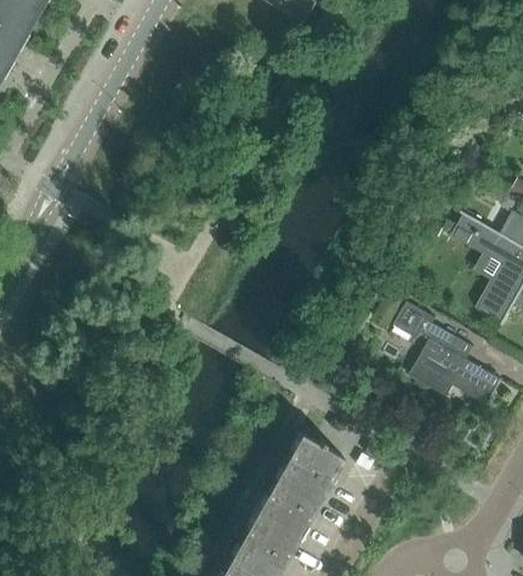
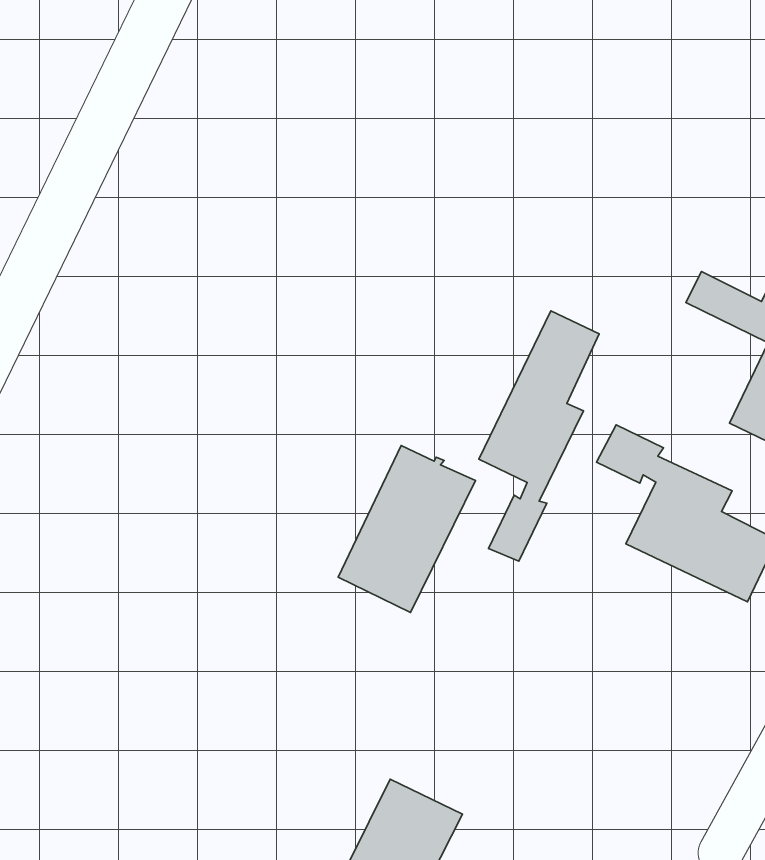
building: none -> [479,311,599,561]
building: [257,433,345,535] -> [338,445,475,612]

